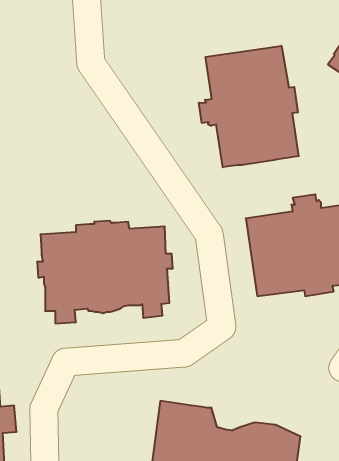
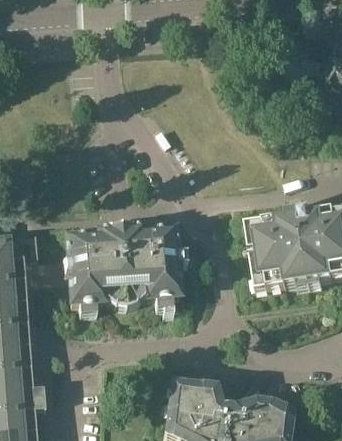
building: [199,46,299,167] -> none

